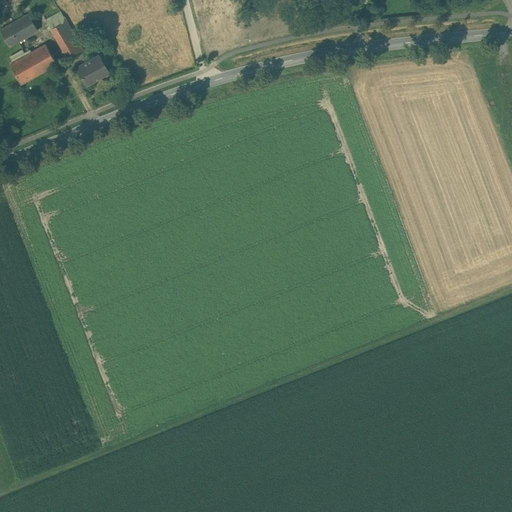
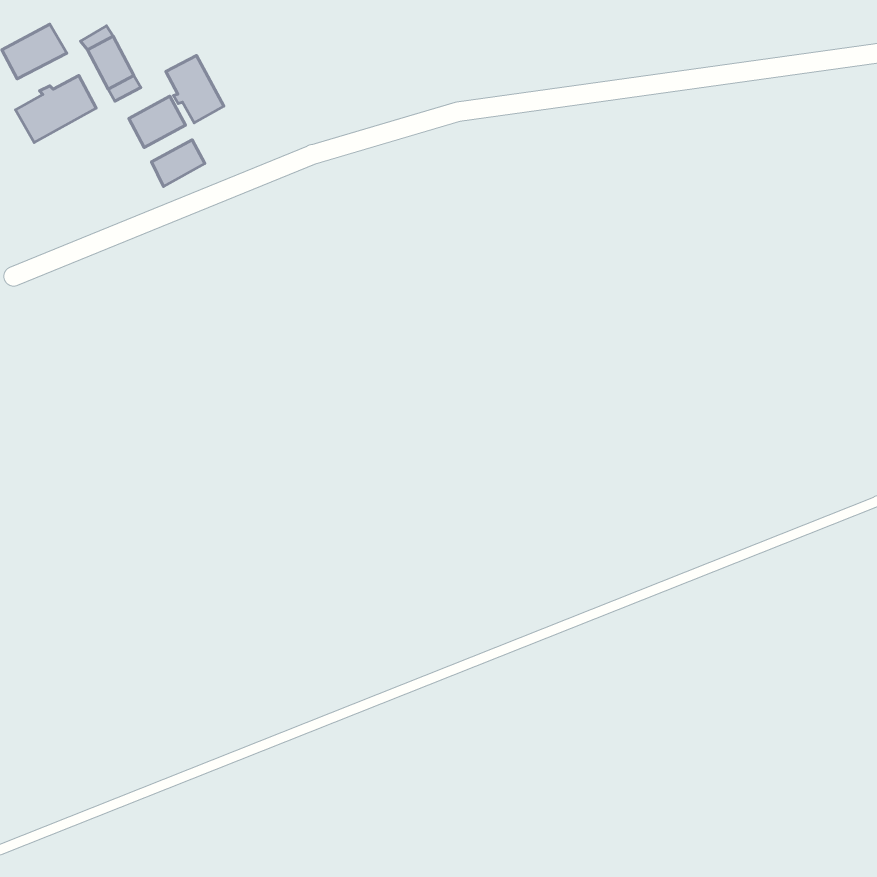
building: none -> [166,56,224,123]
building: none -> [151,140,205,187]

